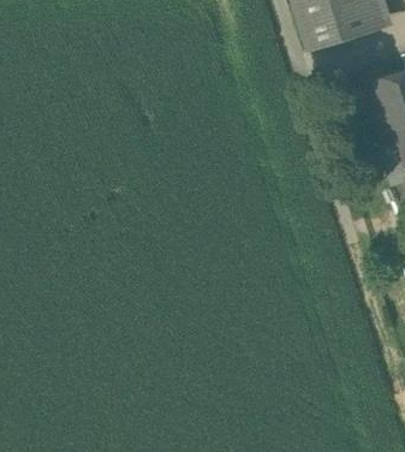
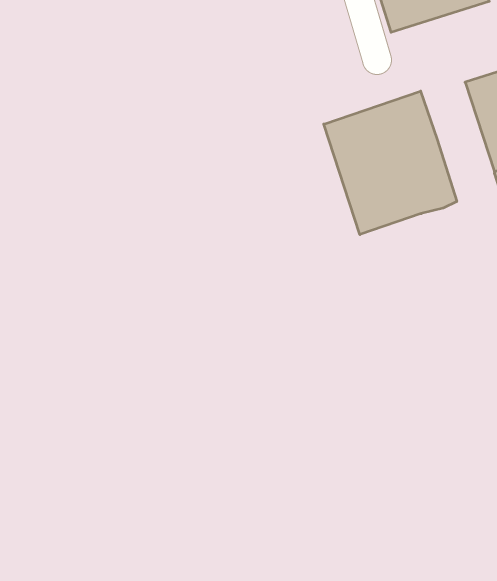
building: none -> [324,91,457,235]

